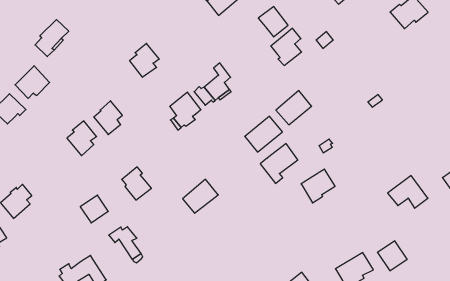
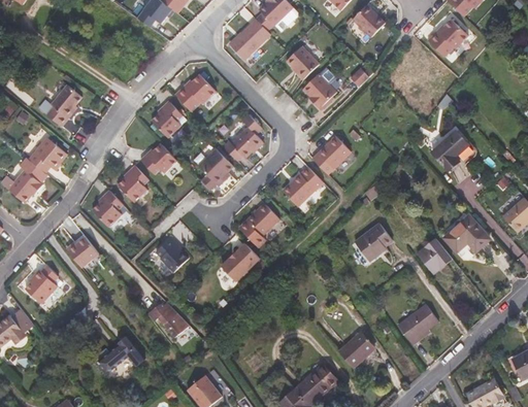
building: none -> [174,74,216,112]
building: none -> [140,143,177,174]
building: none -> [432,131,467,169]
building: [260,144,298,183] -> [239,202,279,246]
building: [80,195,108,223] -> [69,237,100,268]
building: [377,241,407,271] -> [419,238,452,271]

